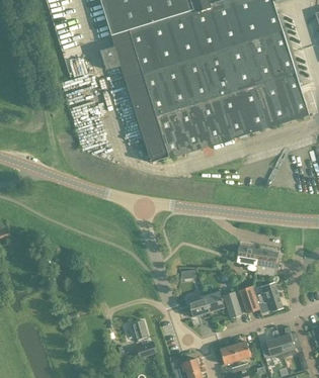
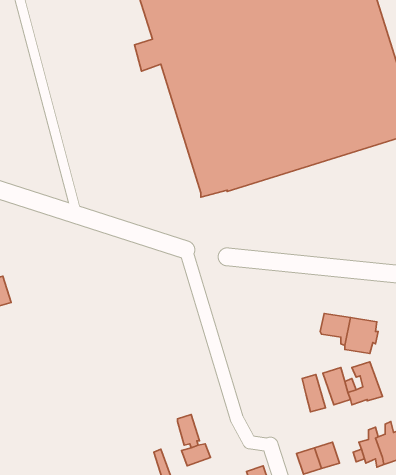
building: [187,291,227,316] -> none

